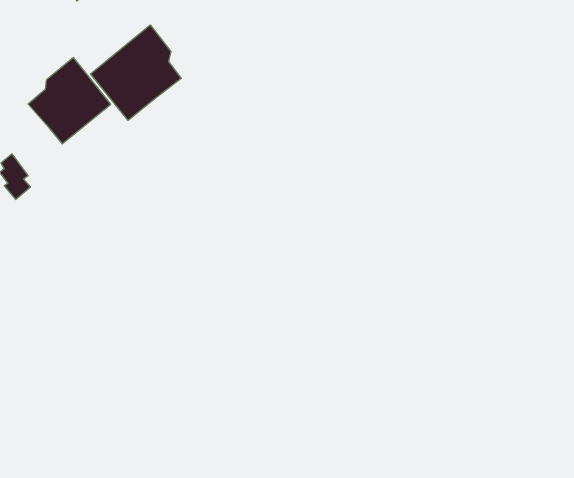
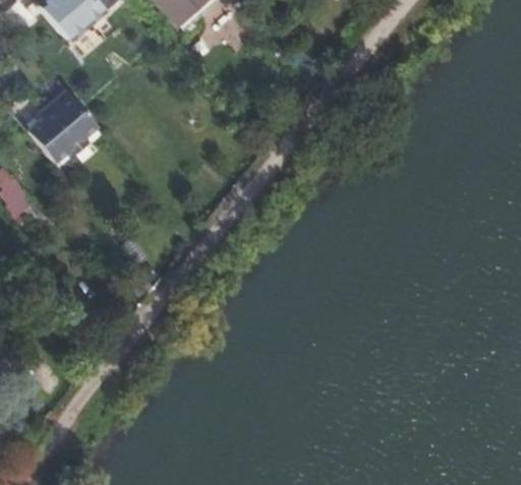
building: [90,25,181,120] -> none

